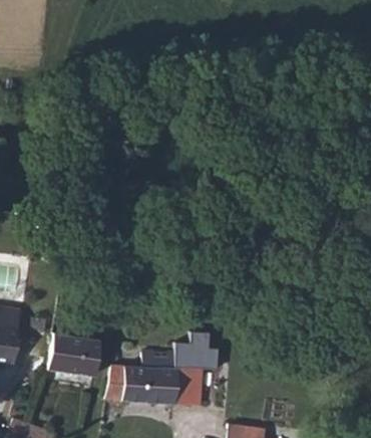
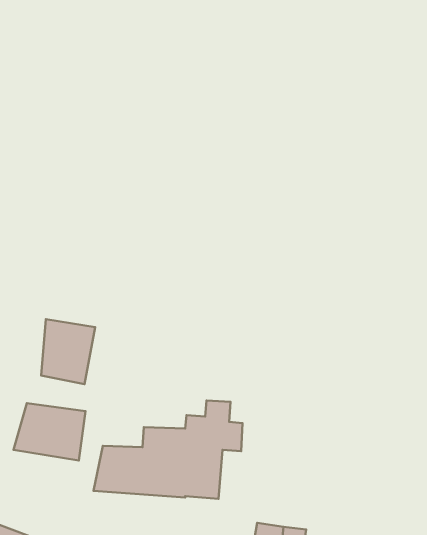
building: none -> [41,319,95,384]

